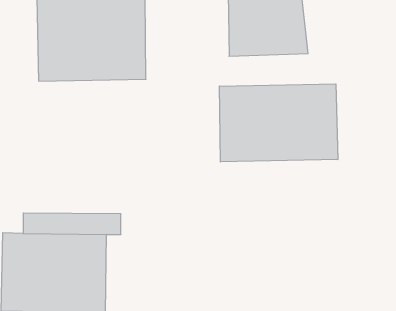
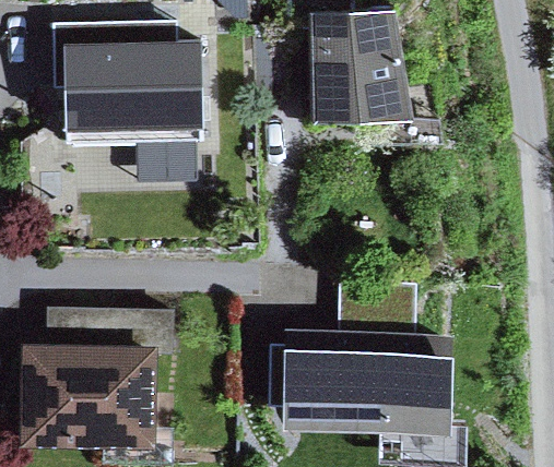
building: [219,84,338,162] -> none
building: none -> [268,338,451,426]

